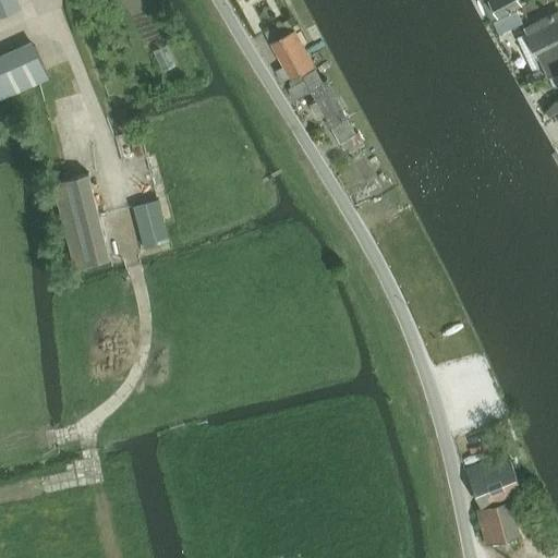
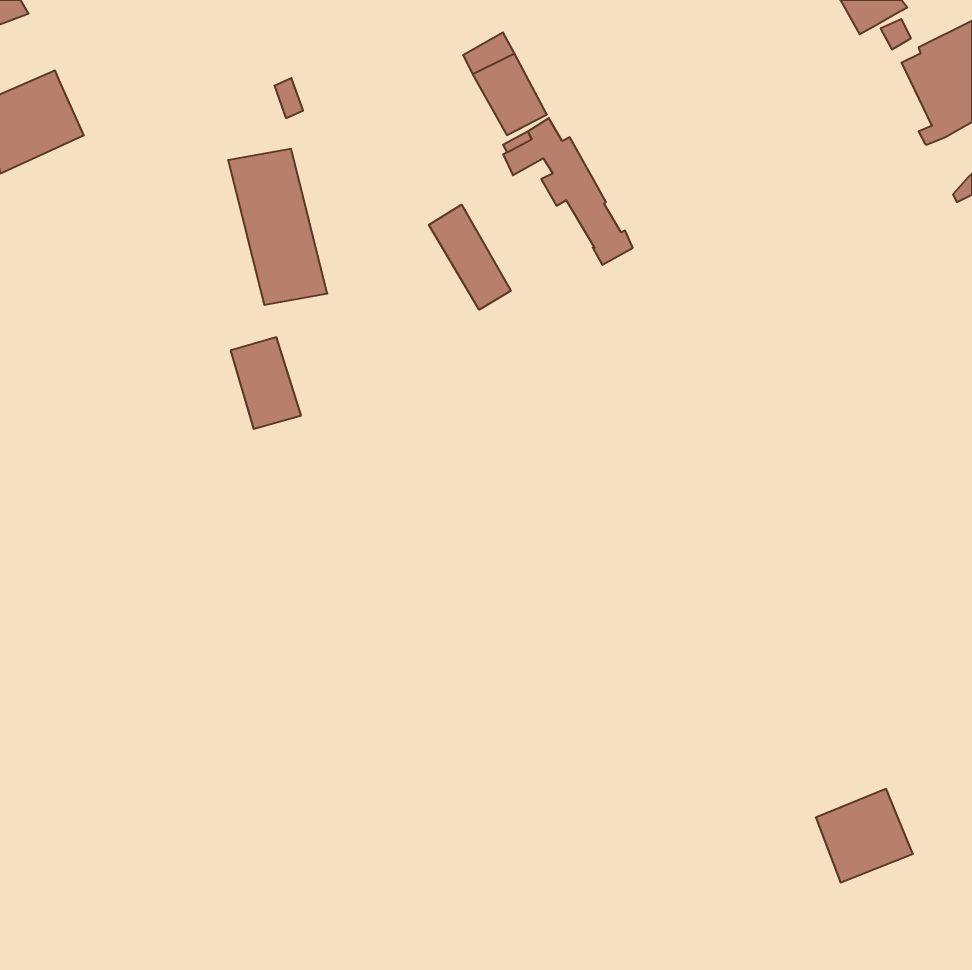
building: none -> [429,205,511,310]
building: [54,181,111,270] -> [228,149,327,305]
building: [476,502,520,546] -> none

